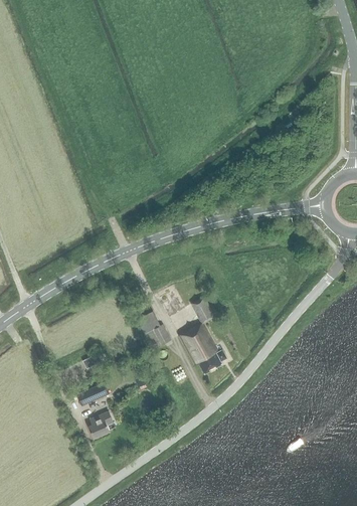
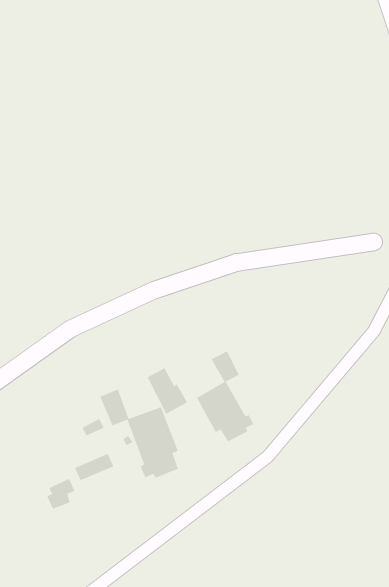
building: none -> [99,389,179,479]
building: [88,411,113,438] -> [46,478,75,510]

